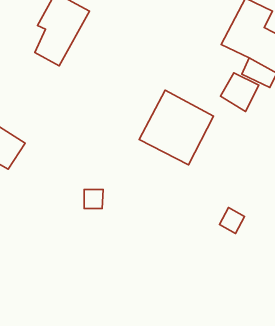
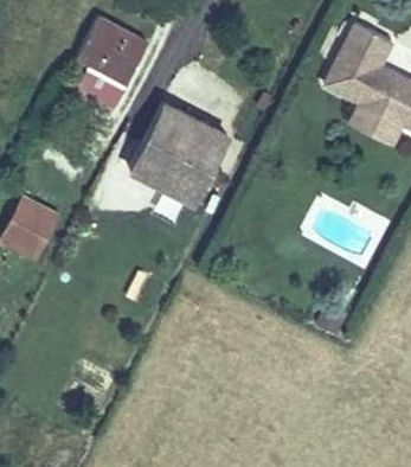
building: [220,73,259,111] -> none
building: [139,90,214,165] -> [130,104,229,203]

